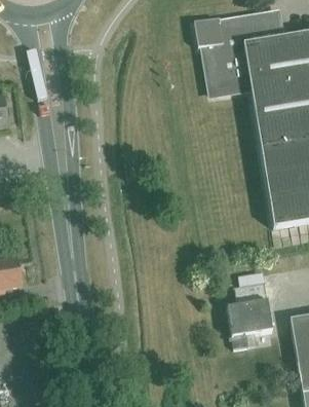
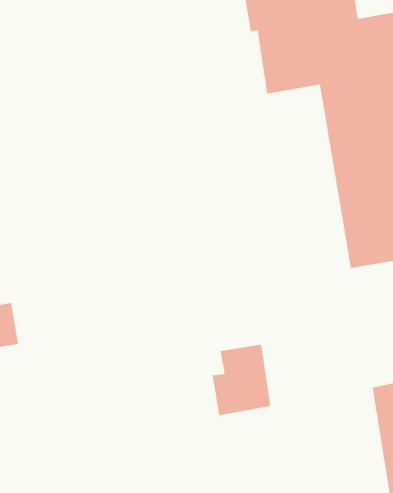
building: [228,283,273,337] -> [212,344,271,416]

